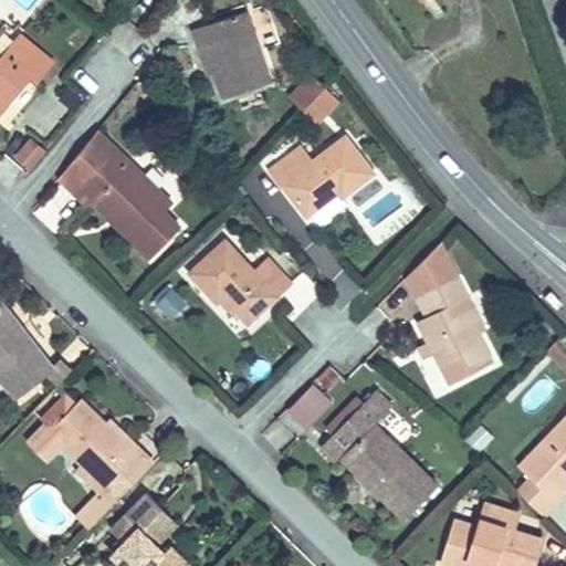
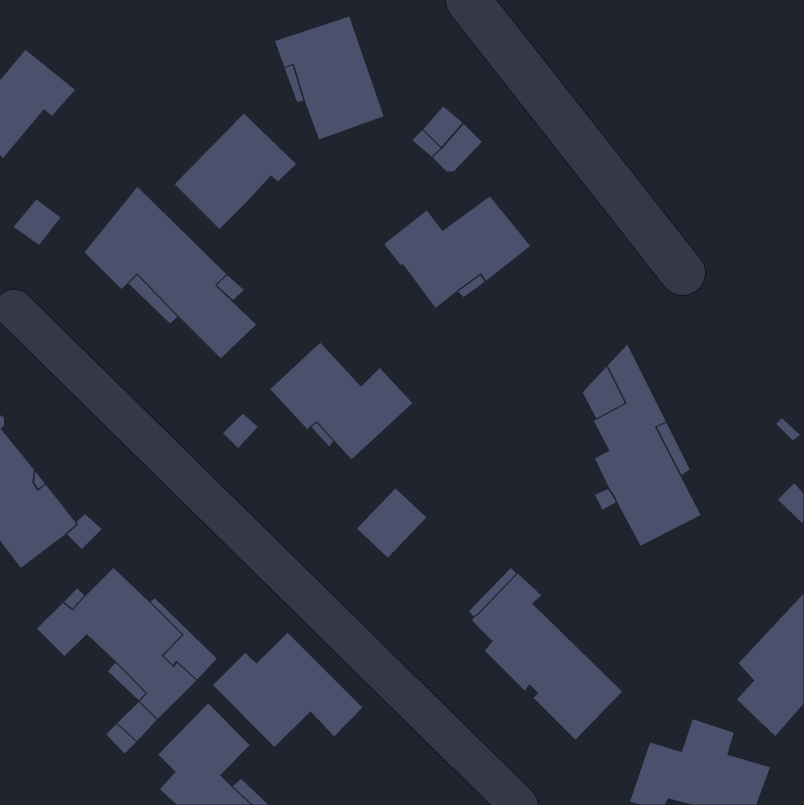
building: none -> [174,113,297,230]
building: [283,384,333,433] -> [356,488,427,559]
building: none -> [212,632,363,748]

